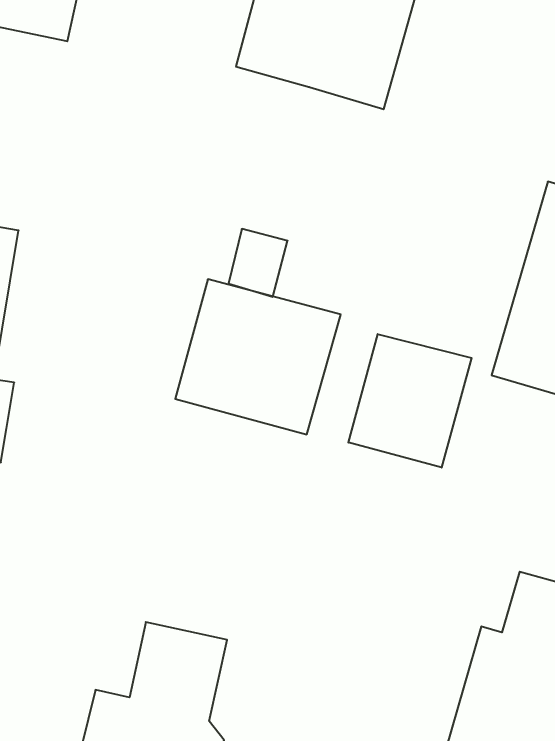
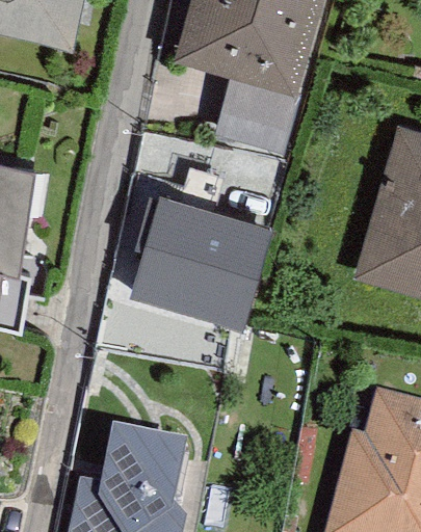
building: none -> [216,65,302,147]
building: [348,334,472,468] -> none

